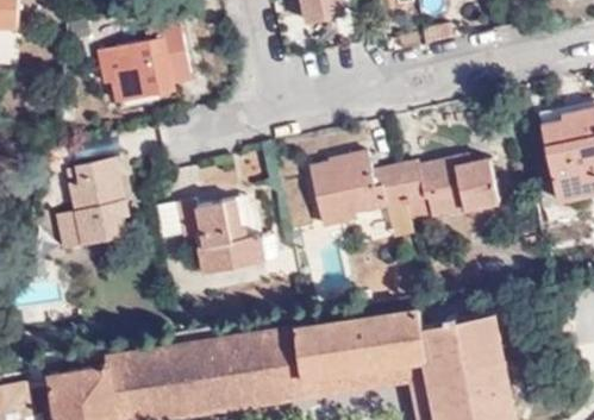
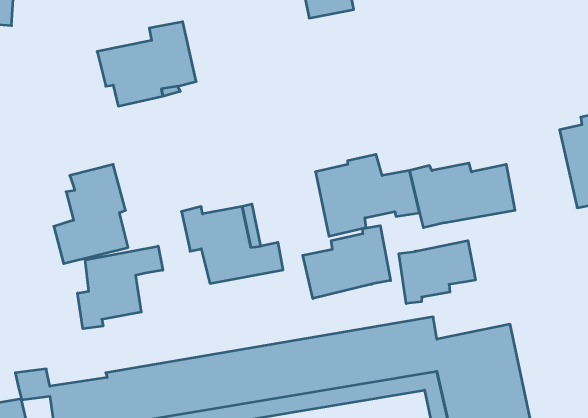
building: none -> [303,226,391,299]
building: none -> [399,241,475,304]
building: none -> [78,246,163,329]

